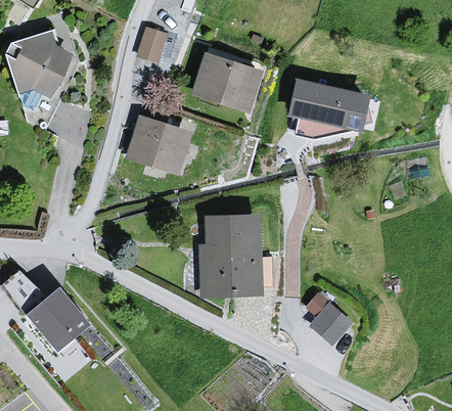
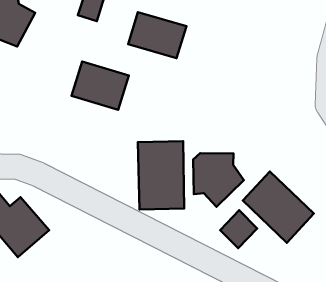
building: [282,79,361,131] -> none
building: none -> [193,153,244,207]
building: none -> [243,171,314,243]

